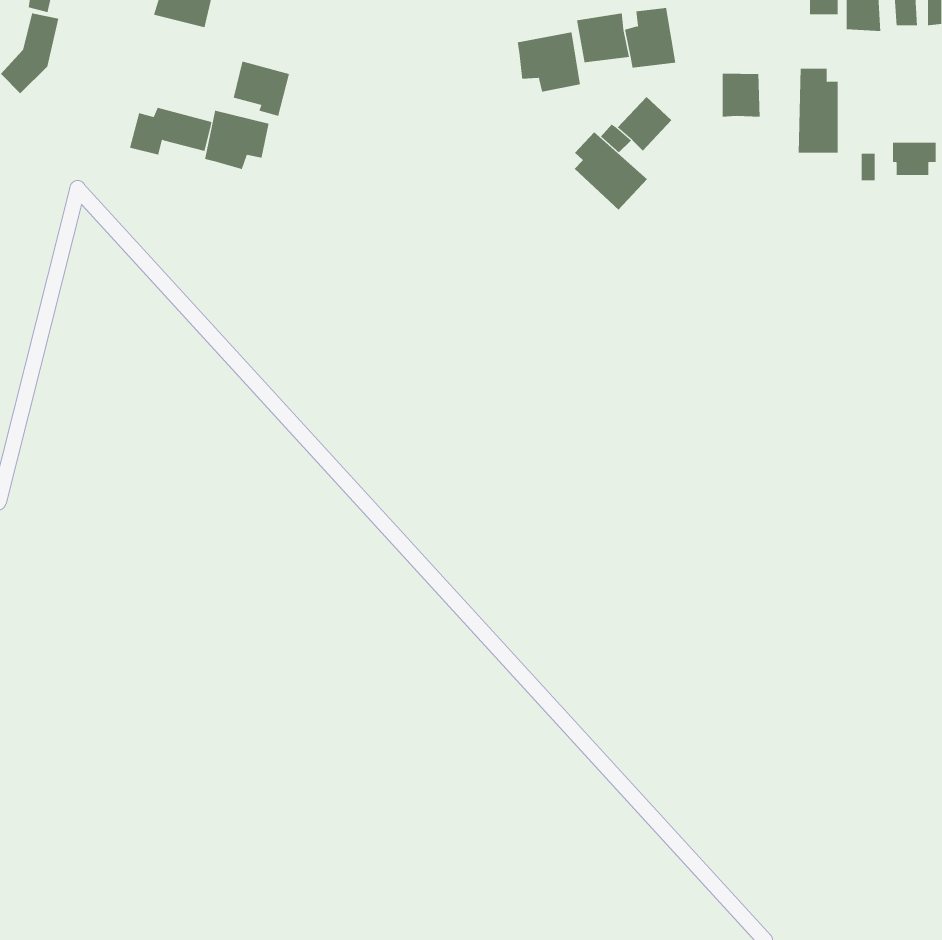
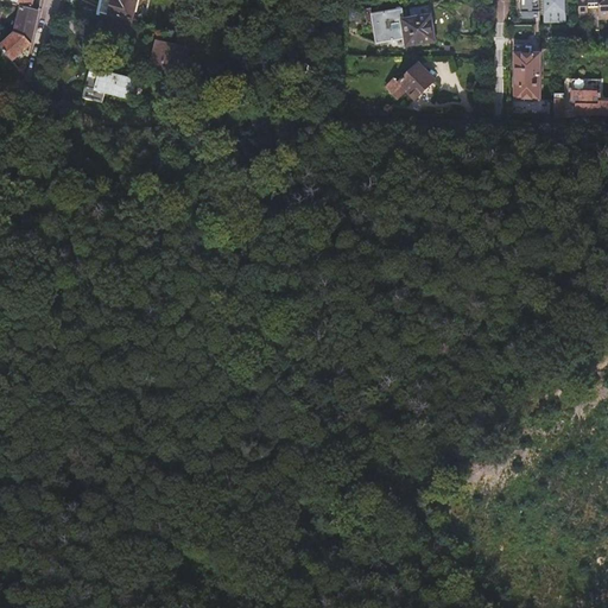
building: [517,31,580,92] -> none
building: [722,73,760,118] -> none
building: [204,110,269,170] -> none
building: [574,131,648,211] -> none

